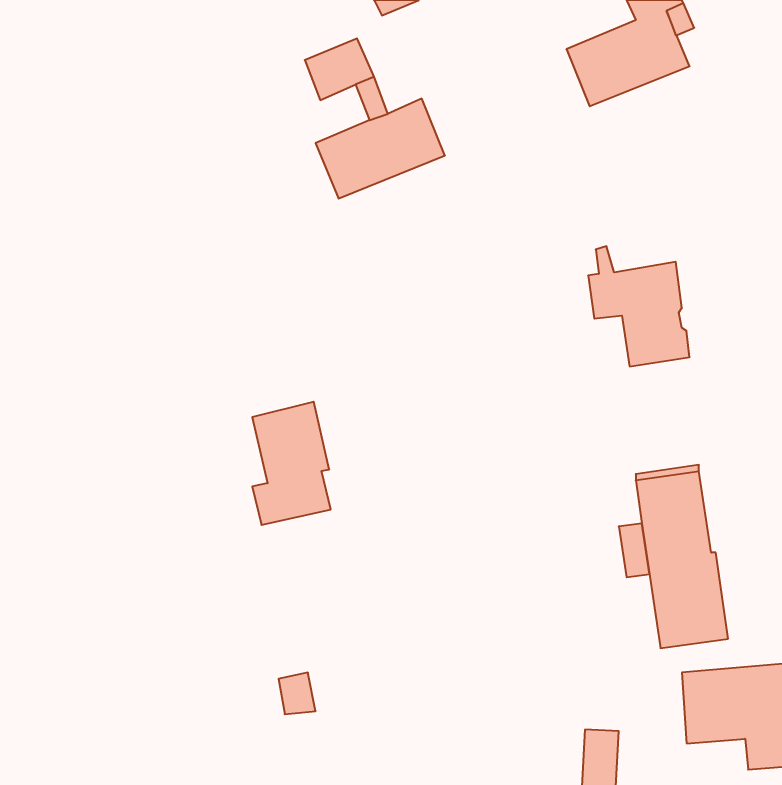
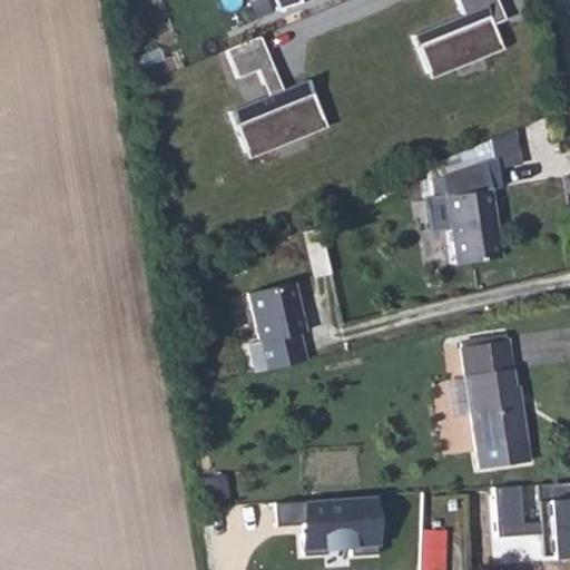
building: none -> [430,130,527,198]
building: [252,402,331,525] -> [250,284,307,373]
building: none -> [276,498,380,557]

